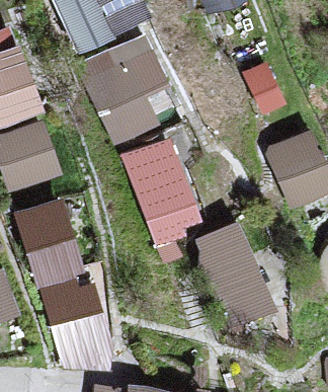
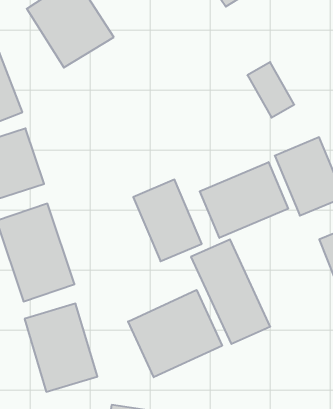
building: [86,54,164,141] -> none
building: none -> [200,162,288,238]
building: none -> [128,290,222,377]

